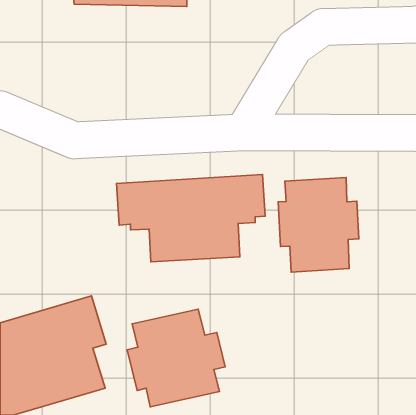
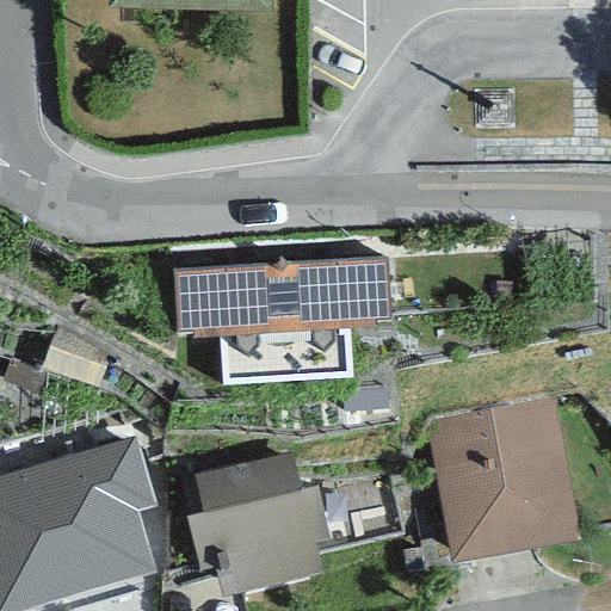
building: [278,177,359,272] -> none
building: none -> [425,395,578,562]

